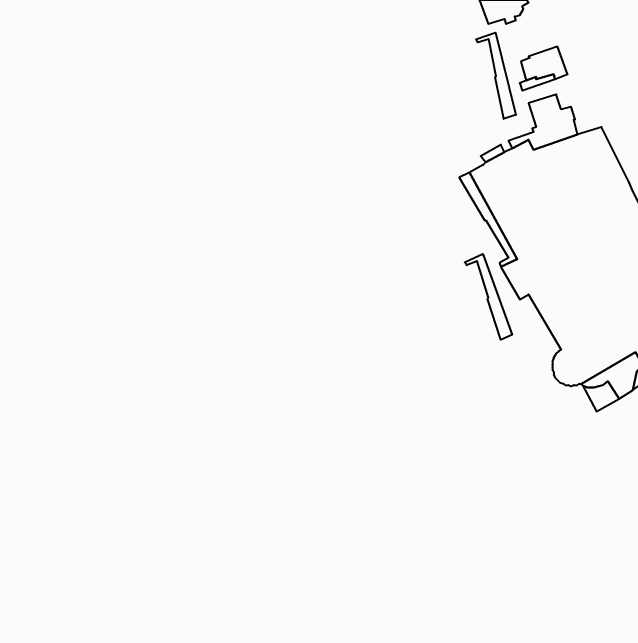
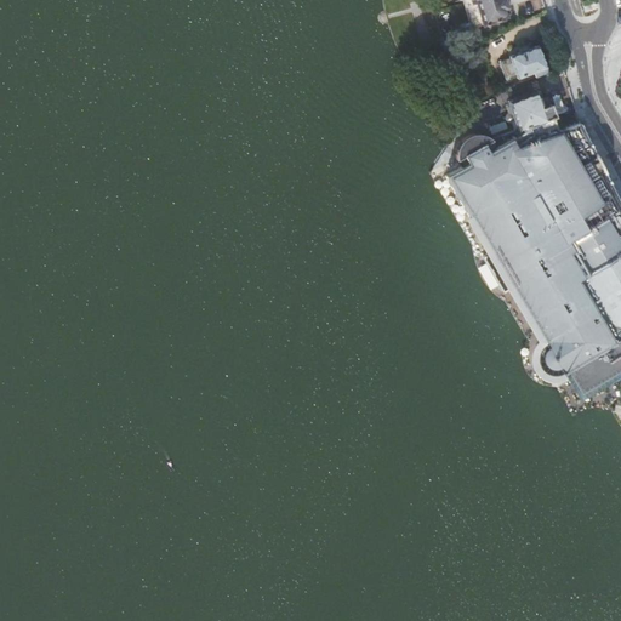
building: [476,33,516,119] -> none
building: [465,254,512,340] -> none

